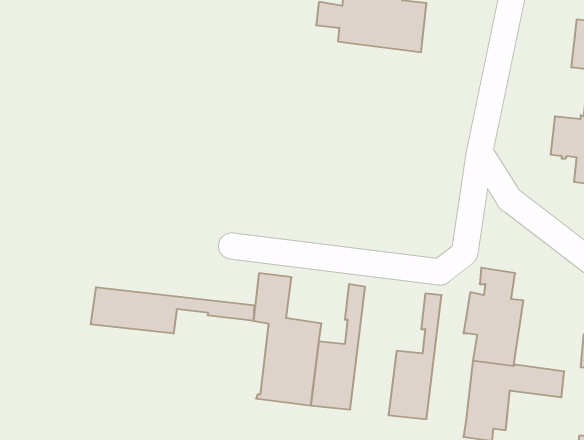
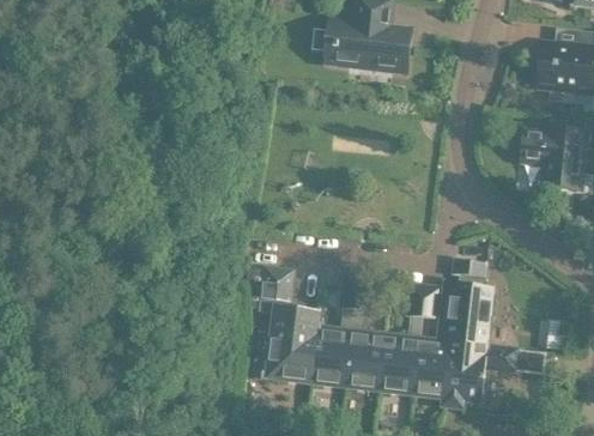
building: none -> [344,277,384,389]
building: [91,287,254,334] -> none
building: none -> [411,284,455,398]

